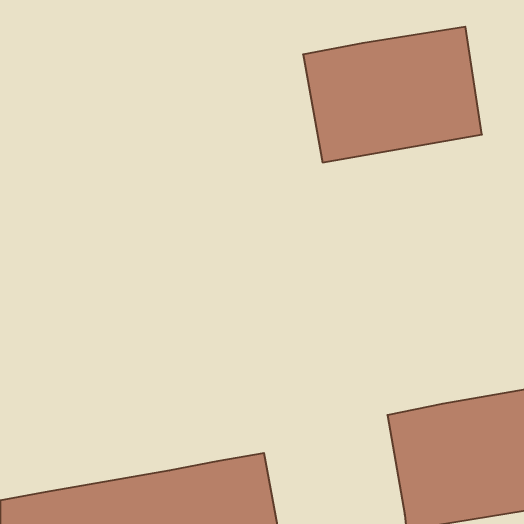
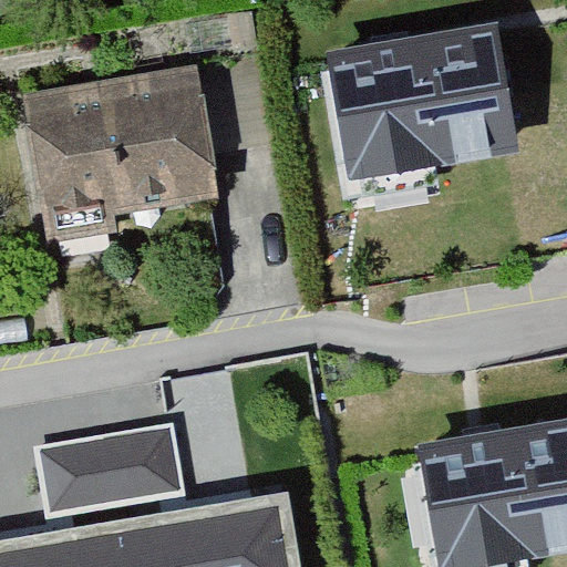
building: none -> [24,70,214,234]
building: none -> [39,421,184,532]

